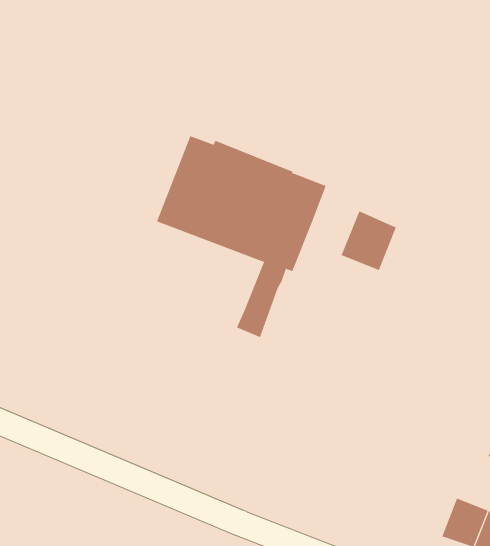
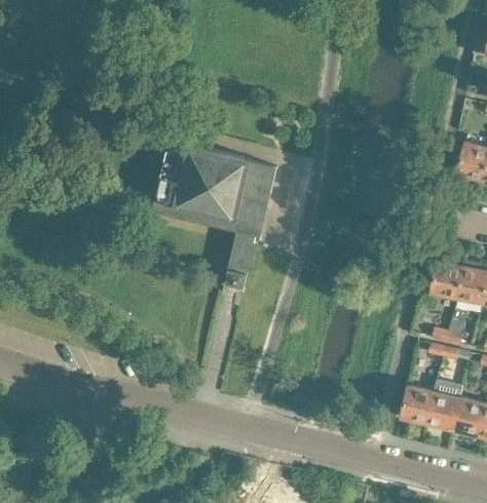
building: [341,210,397,271] -> none

